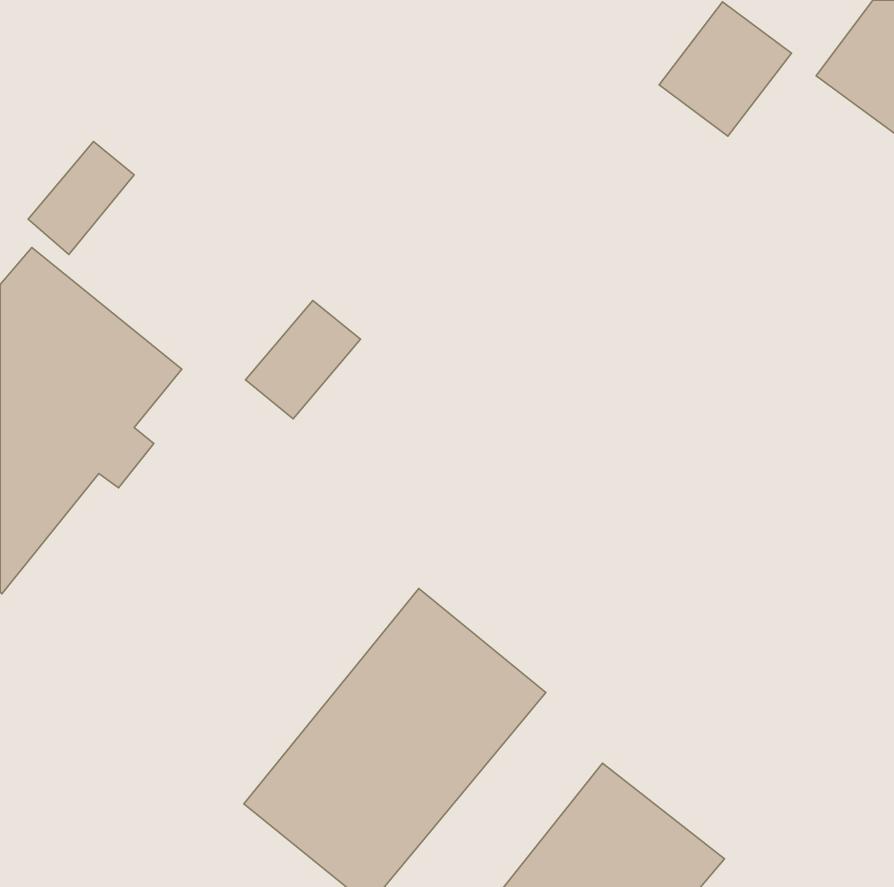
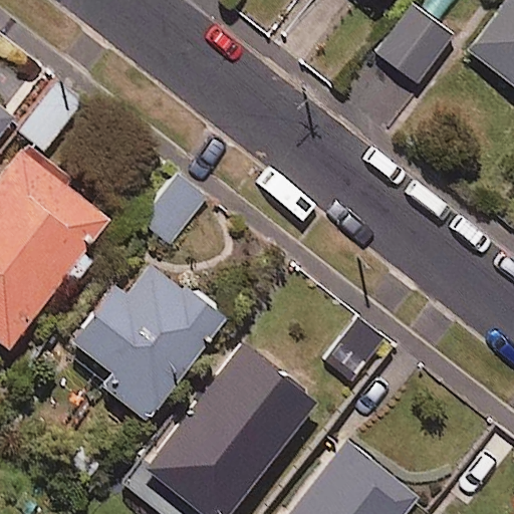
building: none -> [71,262,223,419]

